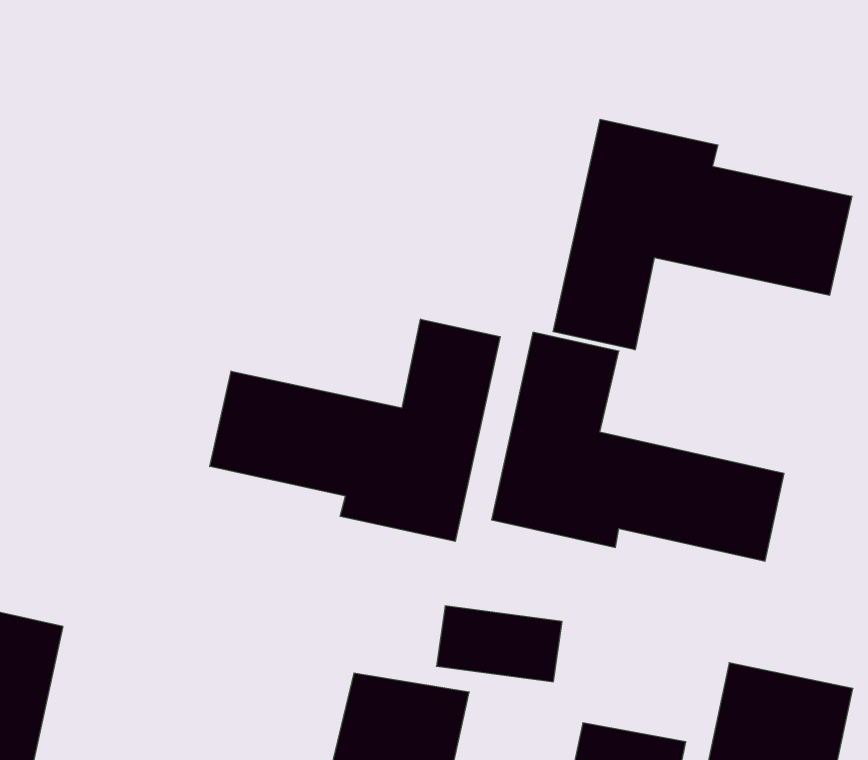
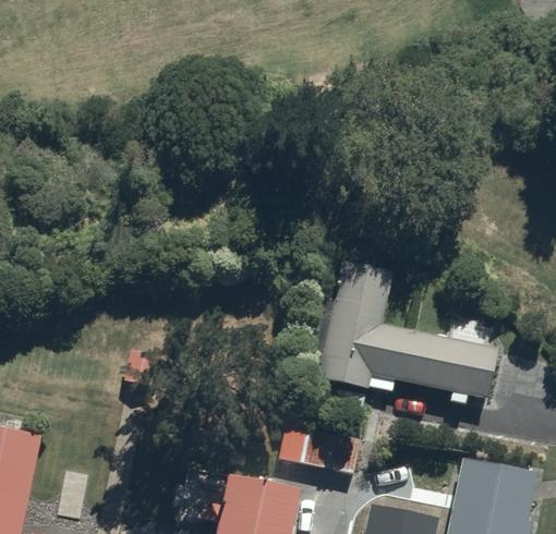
building: [553,119,852,350] -> none
building: [210,319,500,541] -> none

